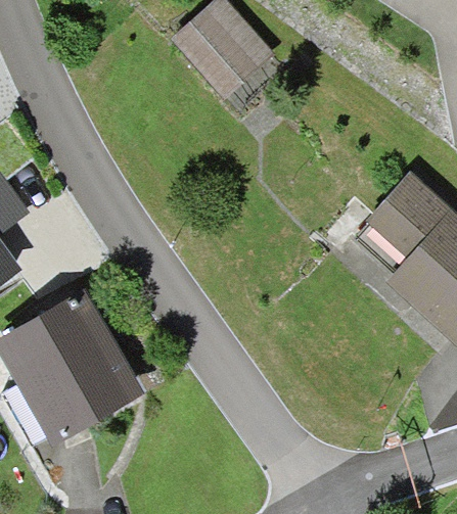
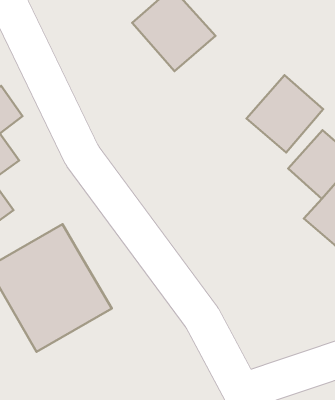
building: none -> [246,75,323,152]

